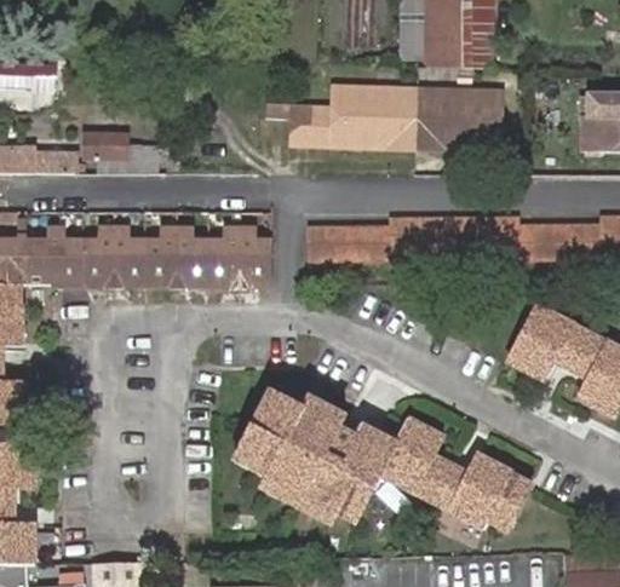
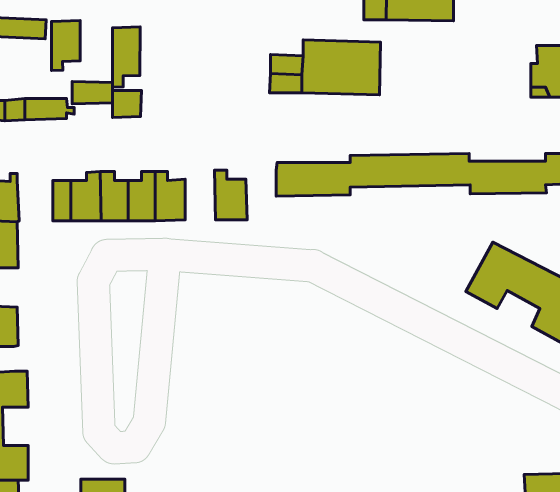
building: none -> [52,21,80,71]
building: none -> [112,27,140,87]
building: [414,91,499,149] -> none
building: [205,229,237,282] -> none
building: [23,231,62,283] -> none
building: [234,393,527,529] -> none

